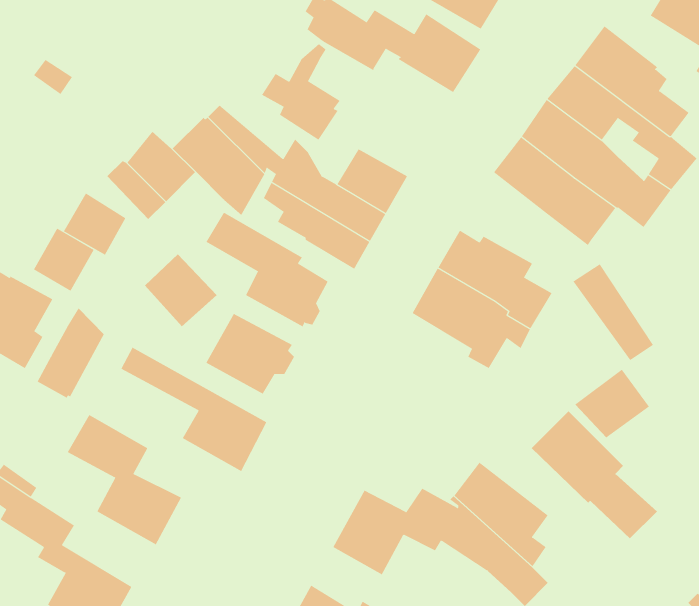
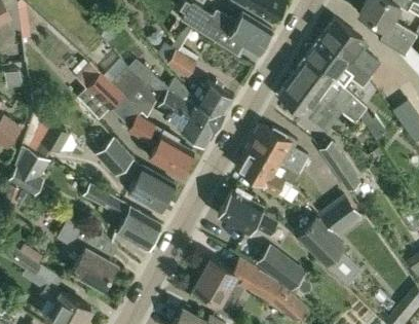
building: [63,193,126,255] -> none
building: [37,307,104,398] -> none
building: none -> [218,188,277,237]

